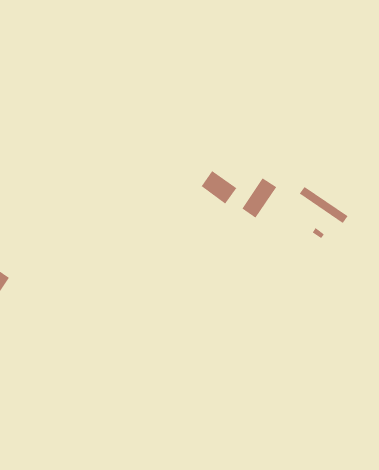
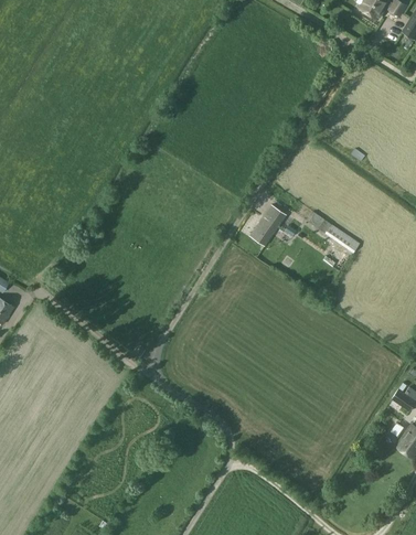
building: [201,170,237,205] -> none

